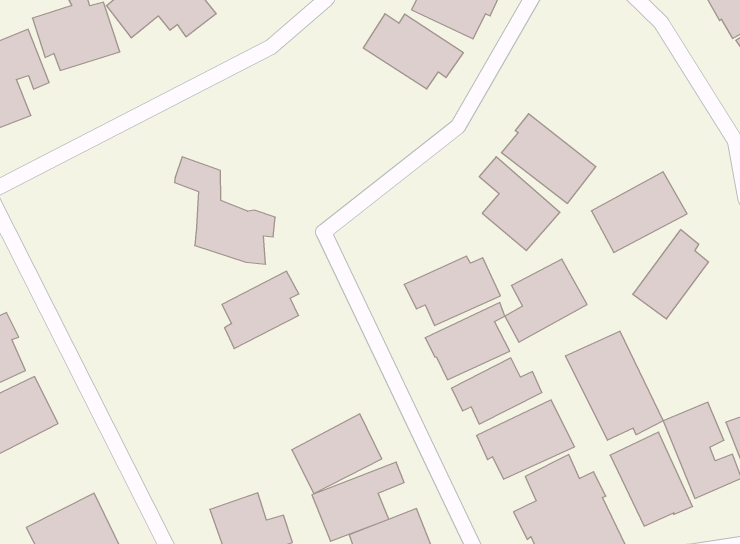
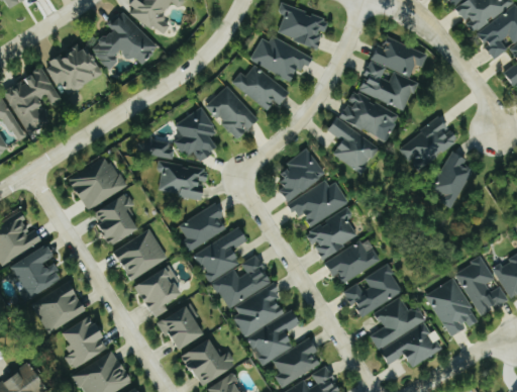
building: none -> [358,38,427,110]
building: none -> [231,66,290,112]
building: none -> [205,87,258,140]
building: none -> [175,109,218,162]
building: none -> [68,156,125,211]
building: none -> [94,193,139,244]
building: [505,259,587,342] -> [277,151,326,204]
building: none -> [114,229,167,279]
building: none -> [194,227,272,309]
building: [566,331,663,440] -> none
building: none -> [135,267,184,318]
building: none -> [160,304,206,351]
building: none -> [61,315,106,370]

